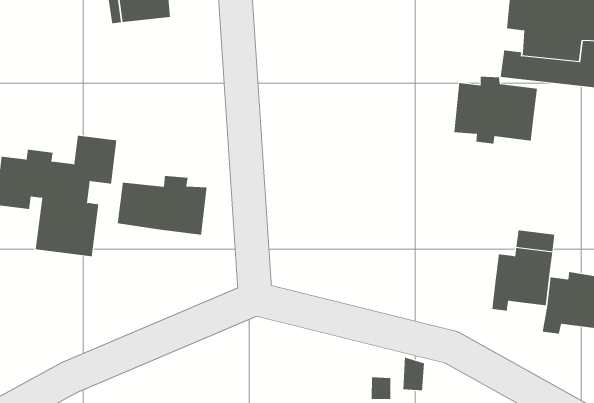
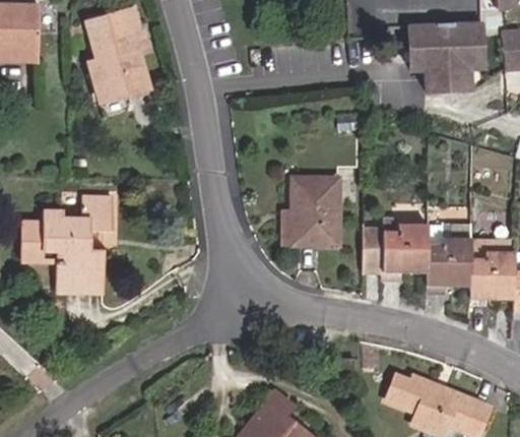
building: [454,76,538,144] -> [364,222,428,275]
building: none -> [289,177,340,245]
building: [117,175,207,235] -> none

